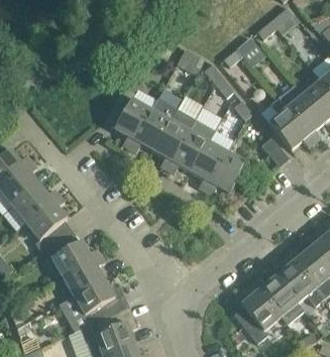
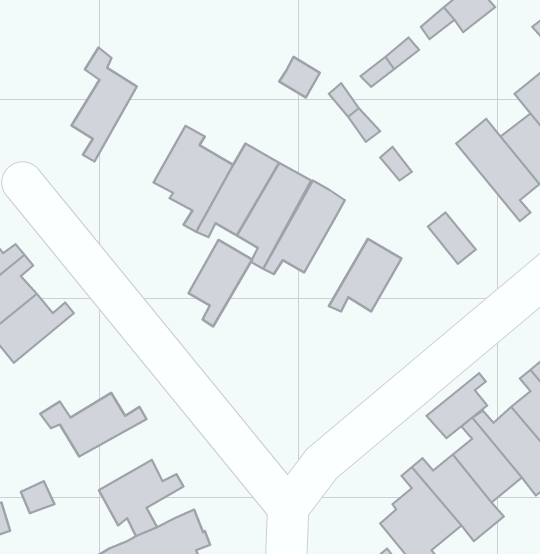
building: none -> [72,48,137,162]
building: [269,98,315,149] -> none
building: [192,141,228,191] -> [188,240,252,327]
building: [26,195,68,252] -> none
building: none -> [427,373,487,438]
building: [64,255,105,295] -> none

